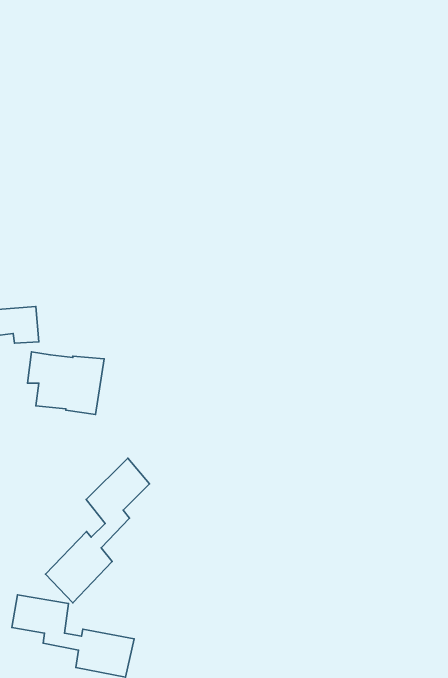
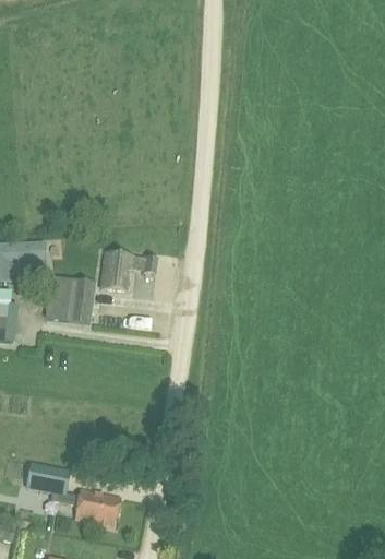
building: none -> [100,251,157,289]
building: [46,458,149,603] -> none

